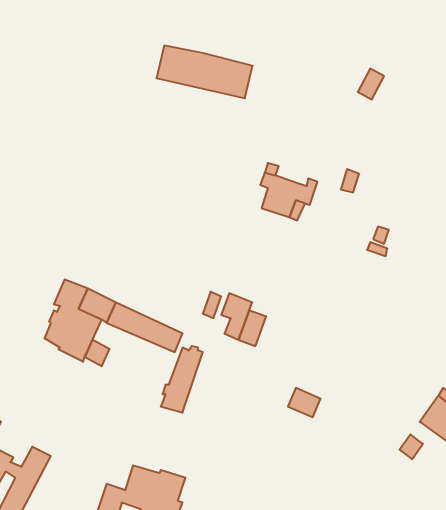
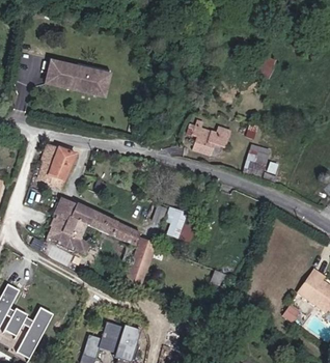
building: [156,46,253,98] -> [46,60,110,95]
building: none -> [38,142,76,187]
building: none -> [243,148,269,176]

